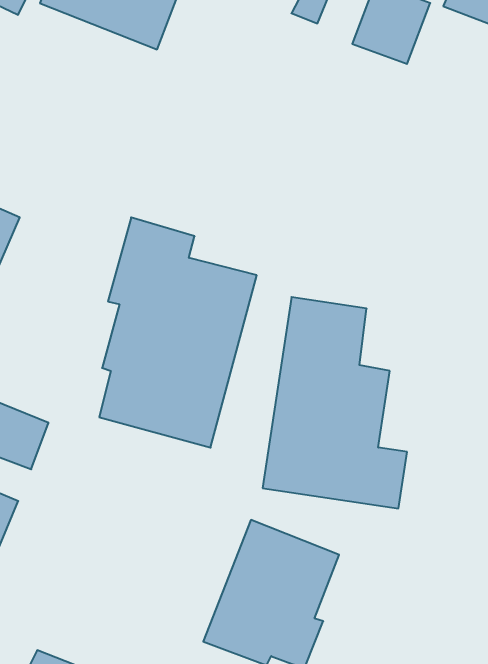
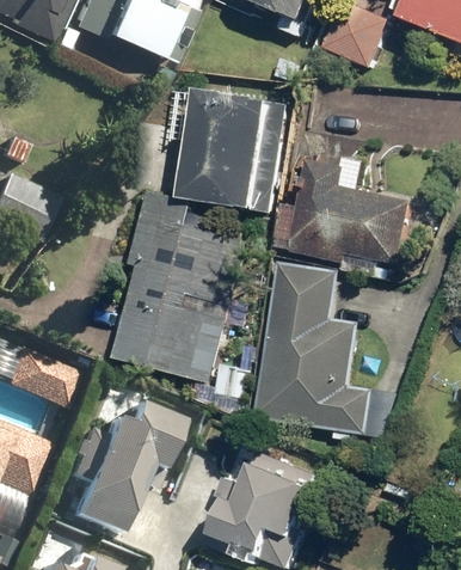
building: none -> [182,92,289,215]
building: none -> [290,164,412,268]
building: none -> [74,391,185,523]

